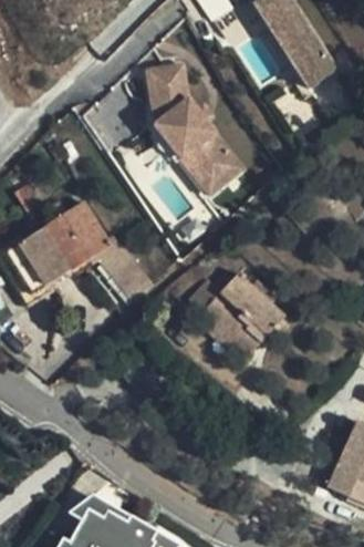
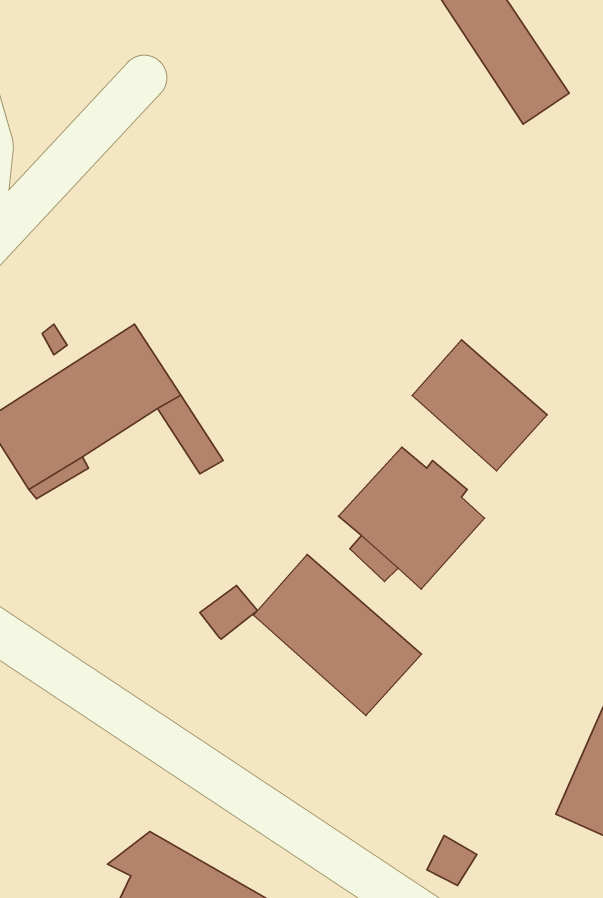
building: [148,64,248,199] -> none
building: none -> [412,340,547,471]
building: none -> [253,554,421,715]

